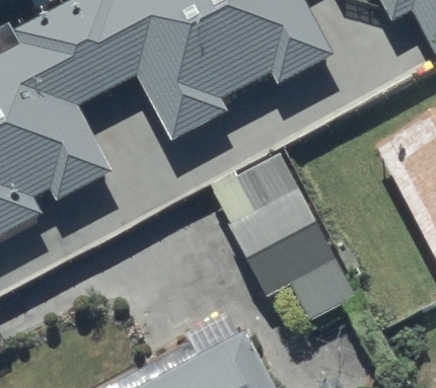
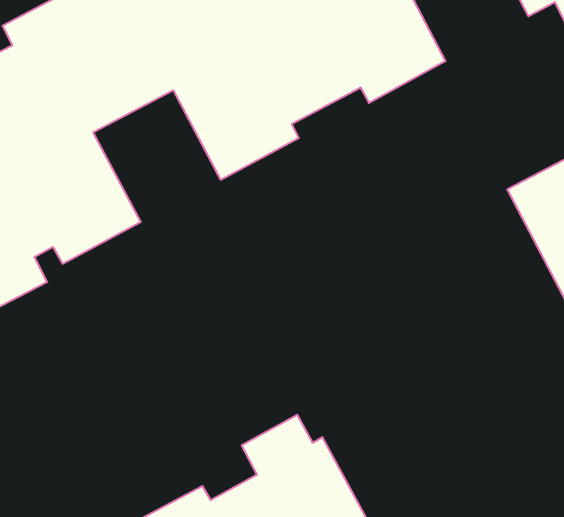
building: [209,152,357,323] -> none

